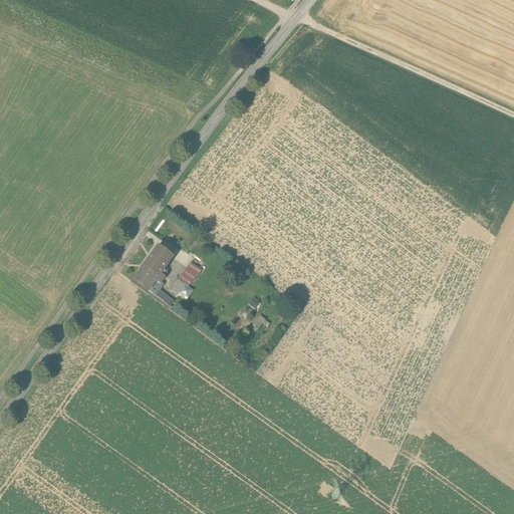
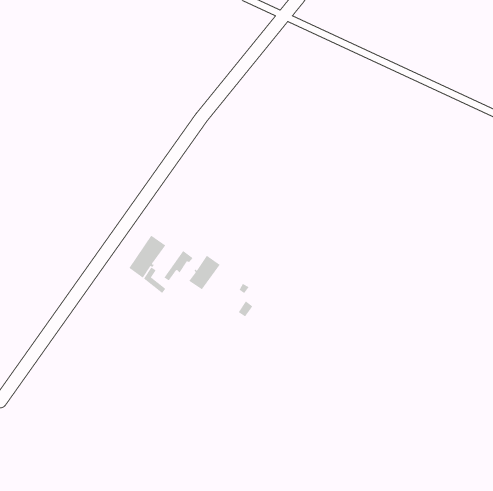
building: none -> [189,255,220,290]

